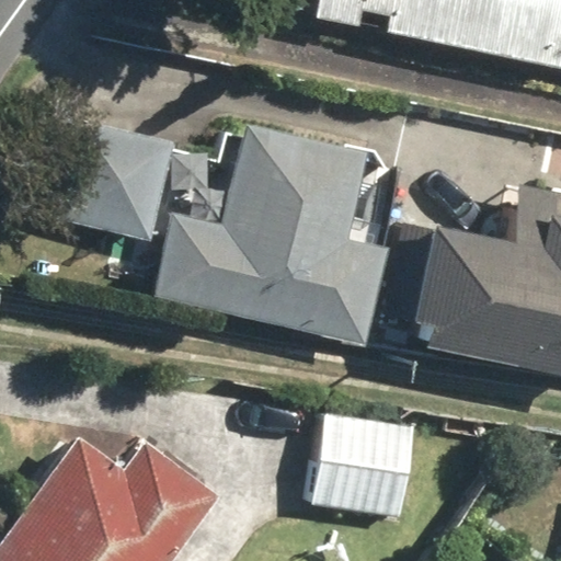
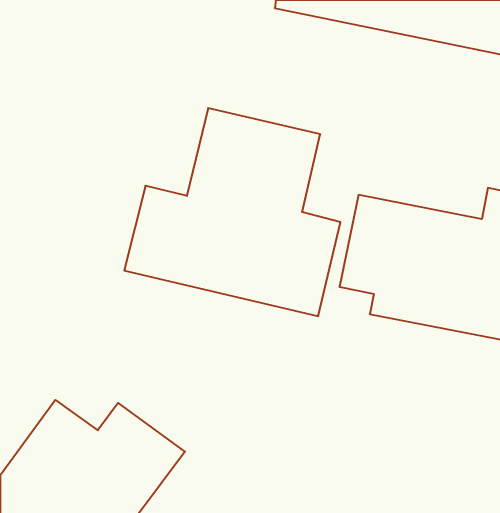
building: [49,112,174,243] -> none
building: [316,416,416,518] -> none

